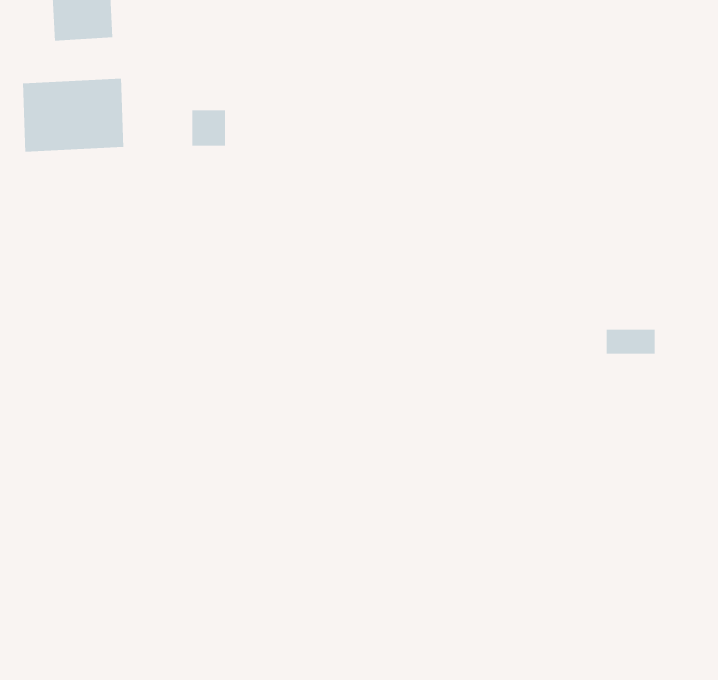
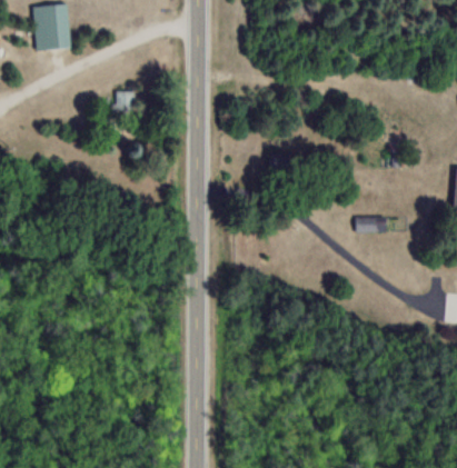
building: [22,78,124,152] -> none

